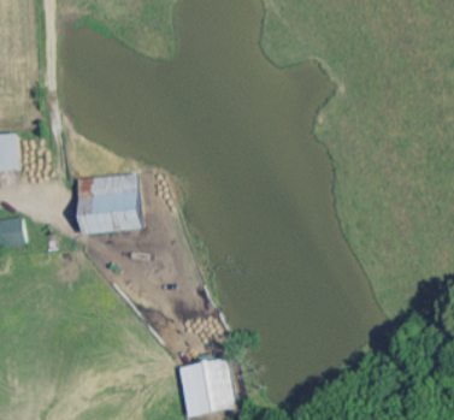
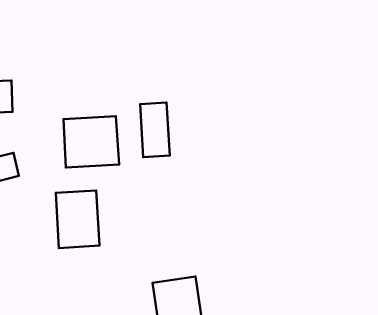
building: none -> [140,103,170,157]
building: none -> [56,190,100,248]

